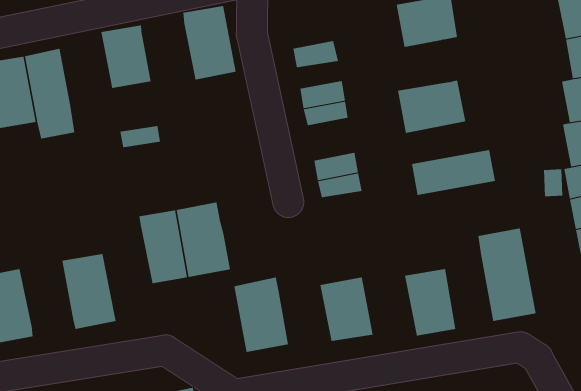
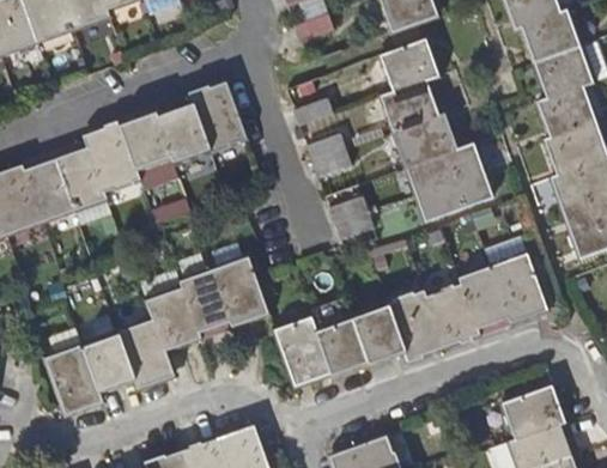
building: none -> [157,102,211,164]
building: none -> [84,121,140,192]
building: none -> [381,80,439,132]
building: none -> [406,144,484,195]
building: none -> [146,287,201,351]
building: none -> [459,266,510,336]
building: none -> [81,330,135,394]
building: none -> [388,290,444,361]
building: none -> [316,316,369,378]

